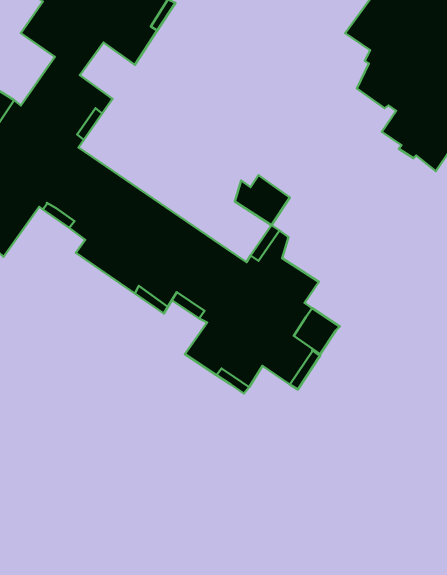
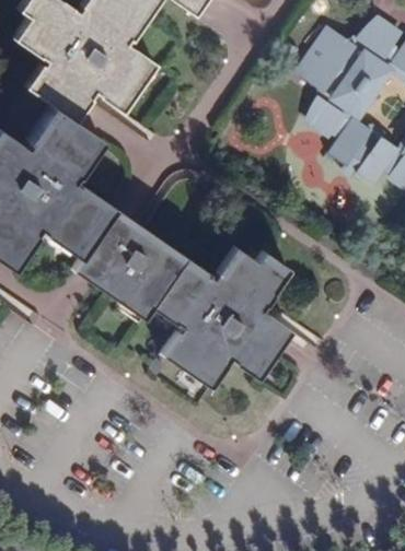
building: [235,175,290,225] -> [241,247,287,289]

